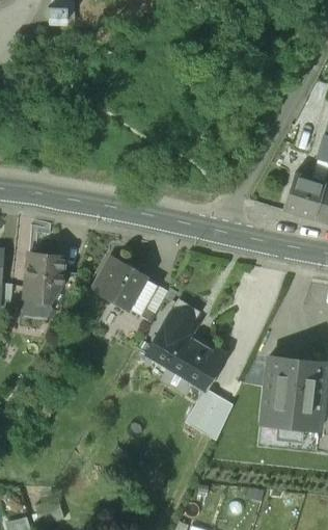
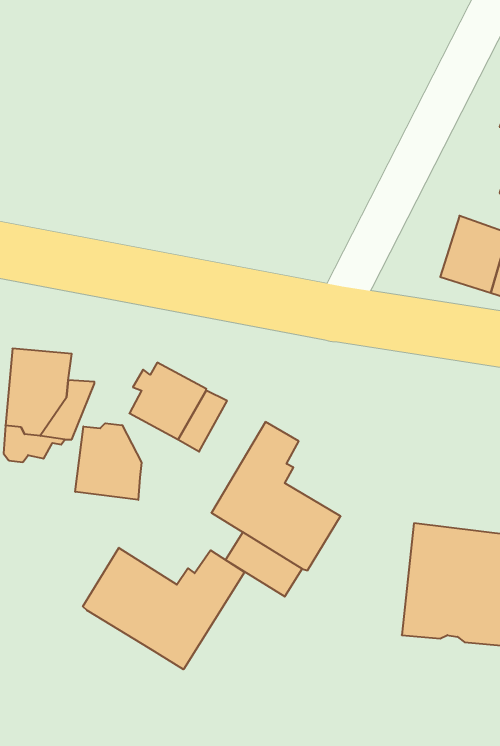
building: none -> [75,423,142,500]
building: none -> [83,548,244,669]
building: [185,397,227,440] -> none

